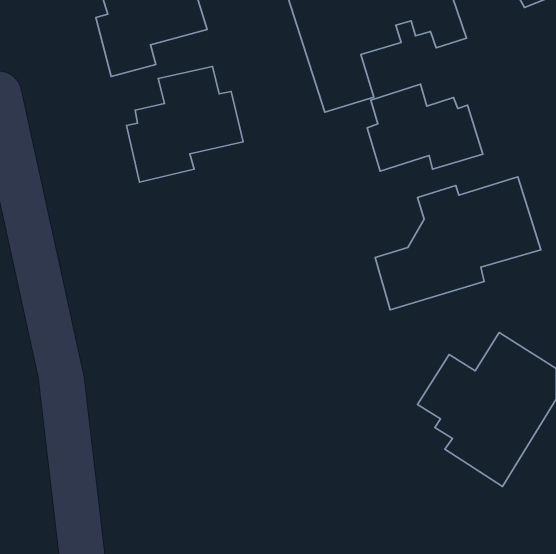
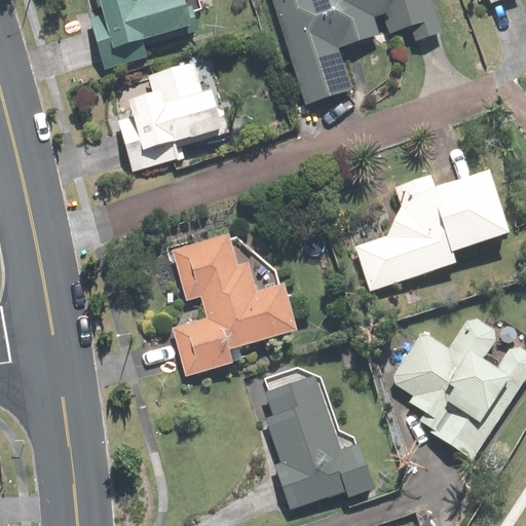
building: [367,84,483,171] -> none
building: none -> [172,234,296,375]
building: none -> [264,366,377,506]

